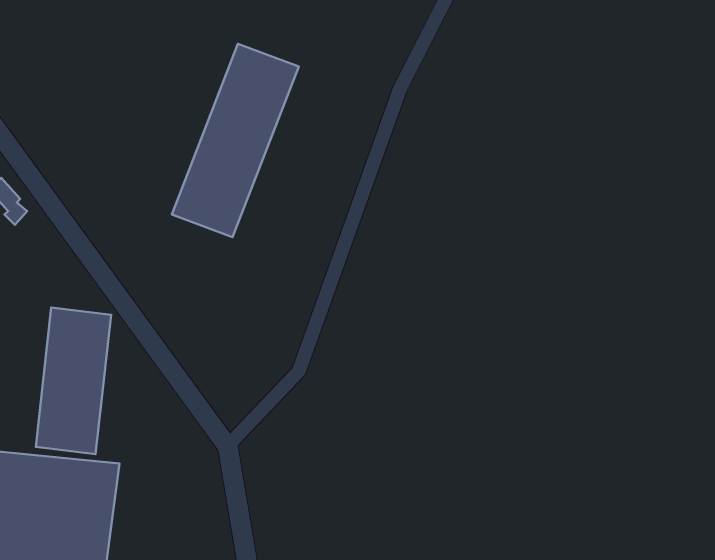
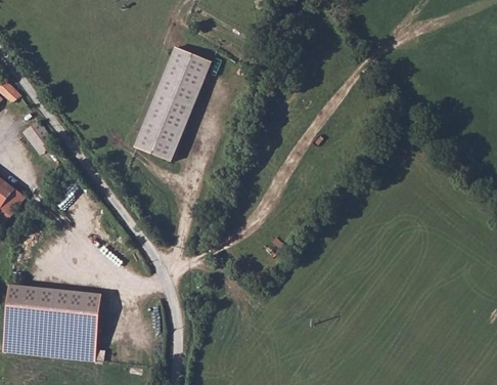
building: [36,307,111,454] -> none

